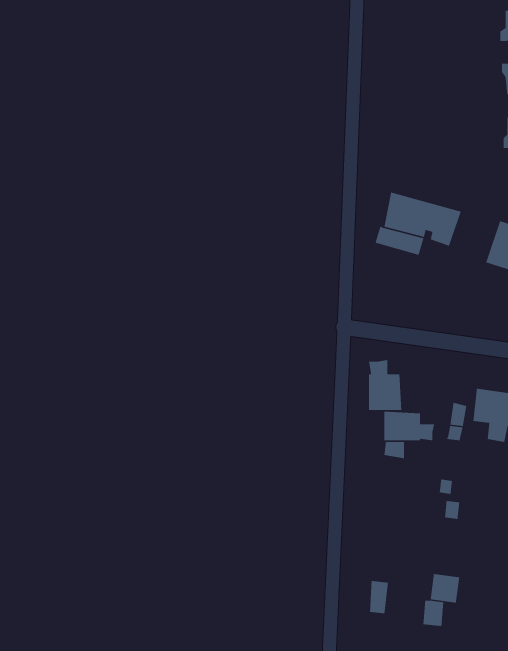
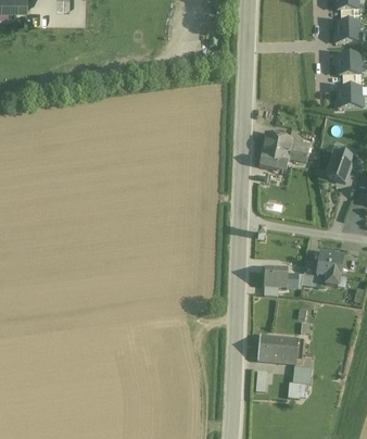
building: [368,359,402,411] -> none
building: none -> [257,335,298,362]

